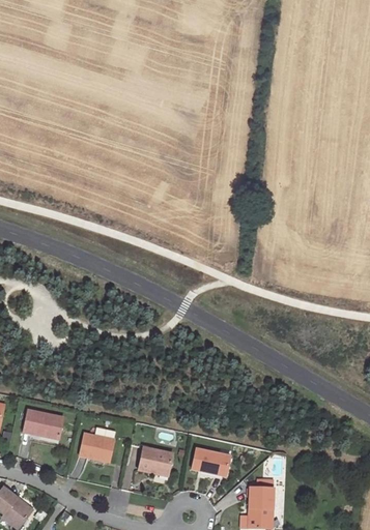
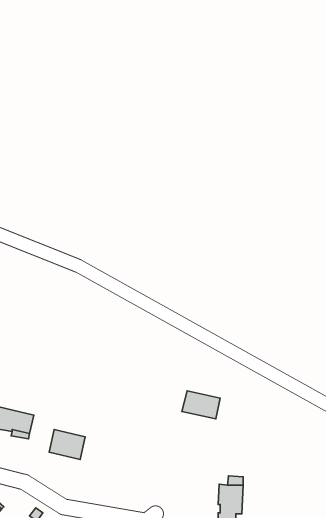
building: [139,447,173,474] -> none
building: [192,449,230,477] -> [182,391,220,419]

